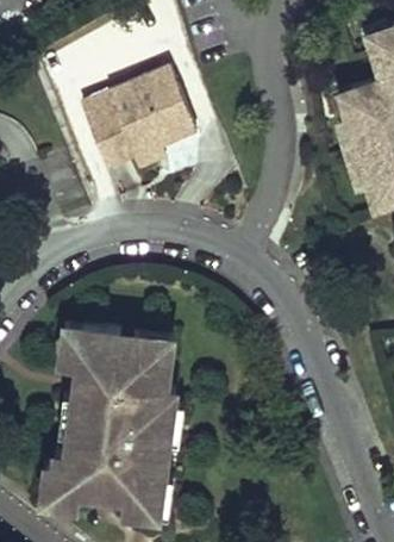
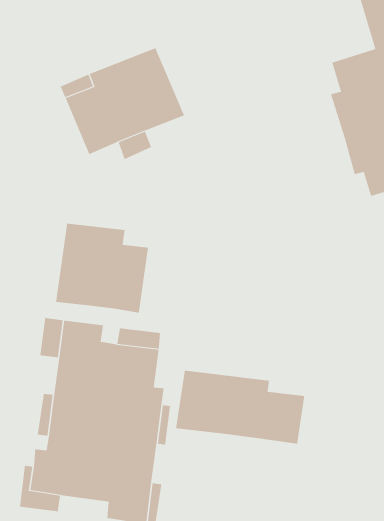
building: none -> [56,223,149,313]
building: none -> [176,370,305,445]

